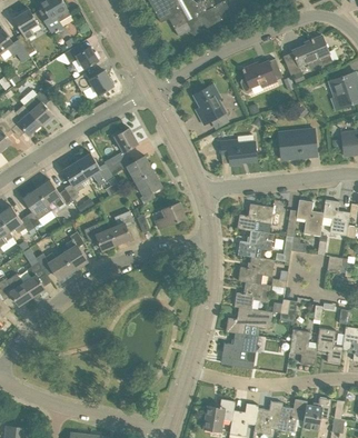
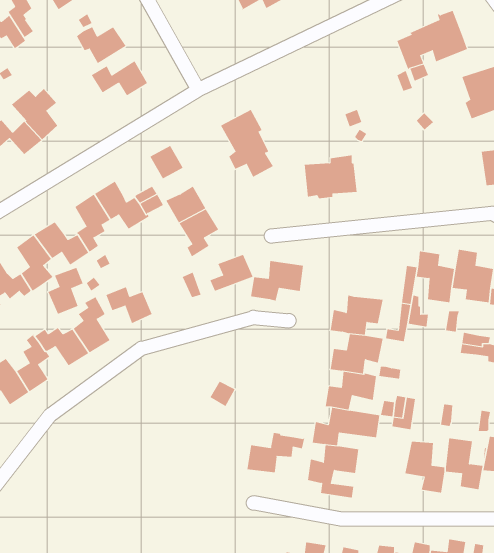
building: [239,58,282,93] -> none
building: [192,83,229,130] -> [220,109,274,177]
building: [277,128,316,159] -> none
building: [236,203,272,231] -> [250,261,304,301]
building: [109,211,133,243] -> [48,267,83,314]
building: none -> [247,432,305,473]

